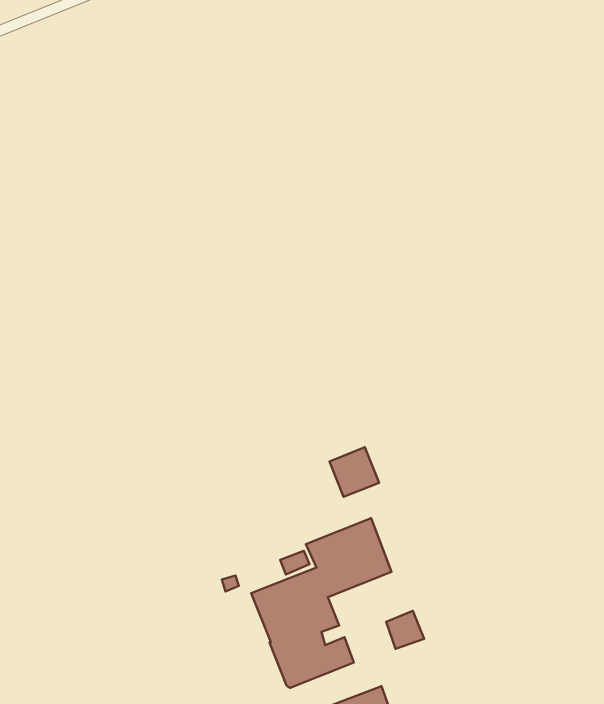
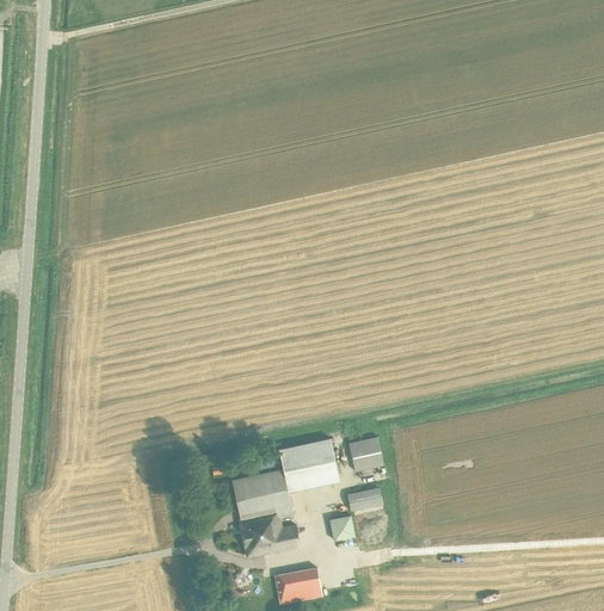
building: [329,447,379,497] -> [347,437,382,471]
building: none -> [346,487,382,511]

